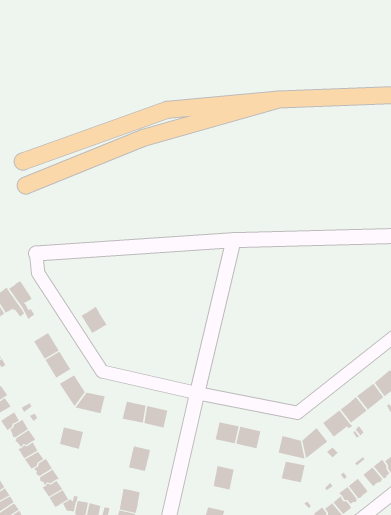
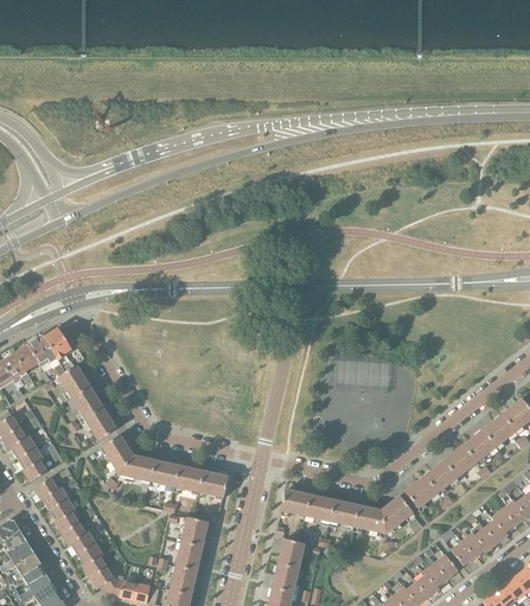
building: [81,306,107,334] -> [59,365,90,397]
building: [59,427,84,449] -> [151,460,179,486]
building: [281,461,306,483] -> [330,500,358,525]
building: none -> [175,542,202,570]
building: none -> [273,563,299,592]

